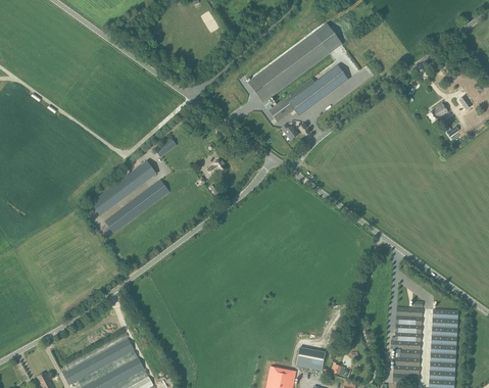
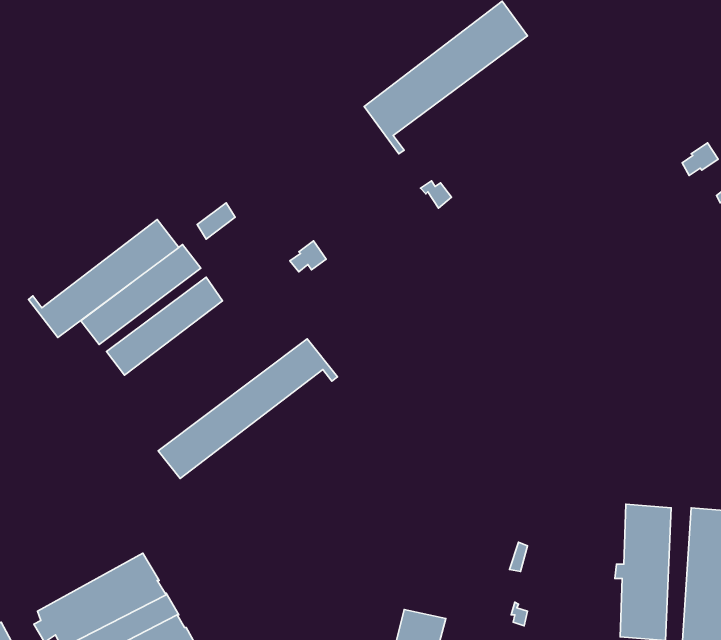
building: [268,65,348,123] -> none
building: none -> [28,220,179,337]
building: none -> [158,339,337,479]
building: [296,347,325,371] -> none

